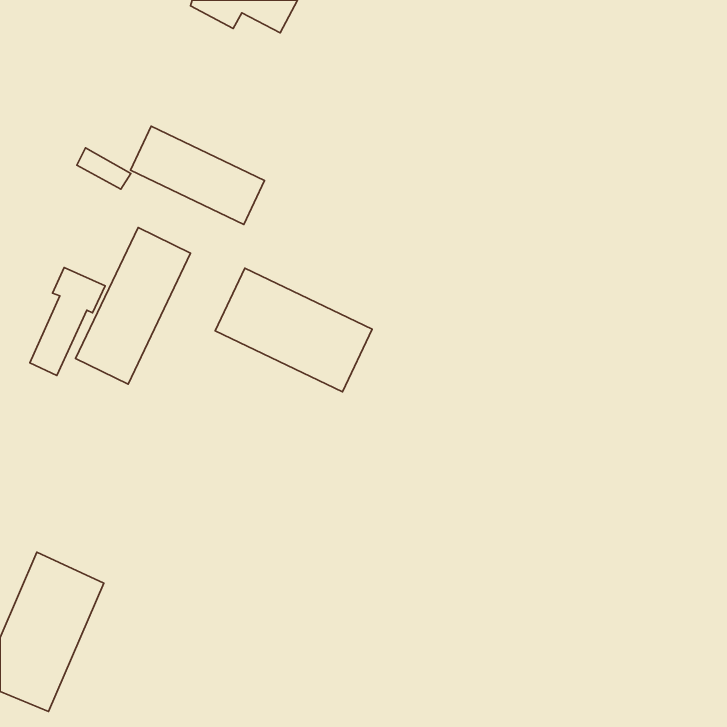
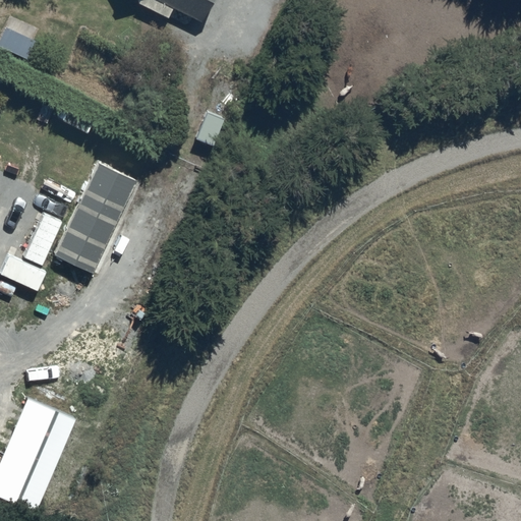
building: [130,126,265,225] -> none
building: [215,268,372,392] -> none

